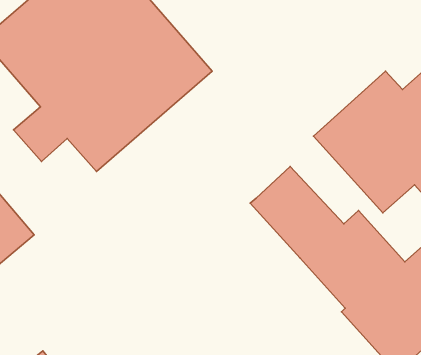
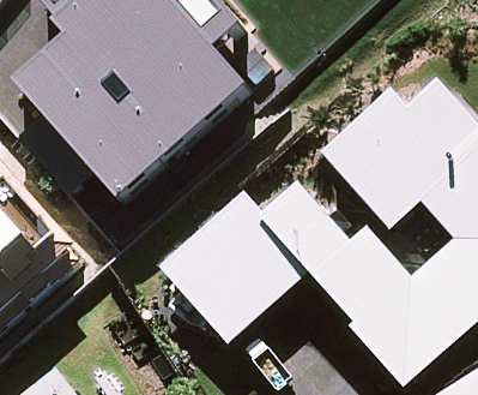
building: none -> [161,191,309,343]

